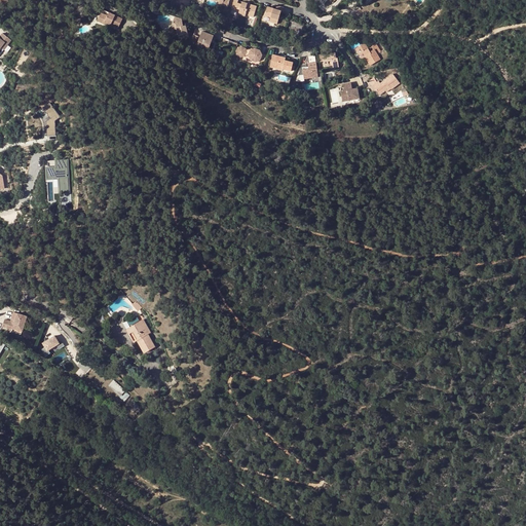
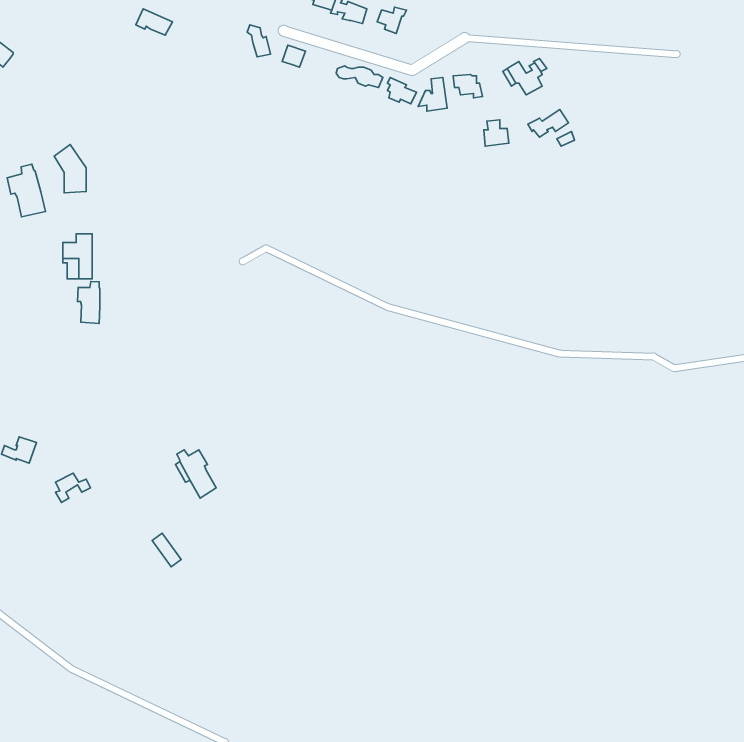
building: none -> [7,164,45,217]
building: none -> [77,282,100,323]

